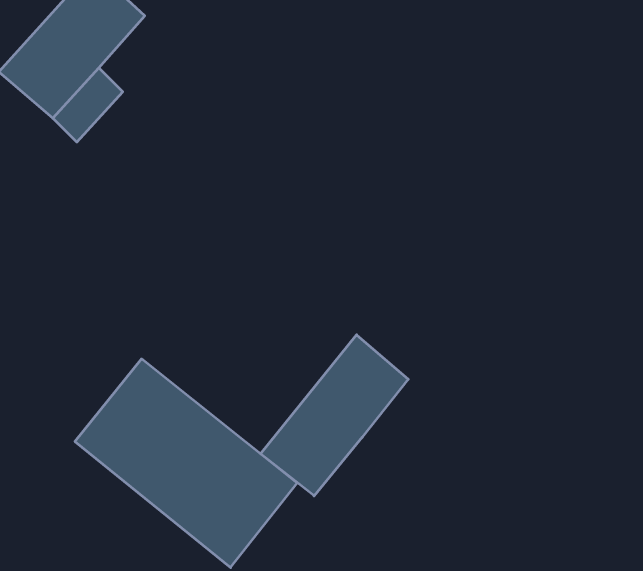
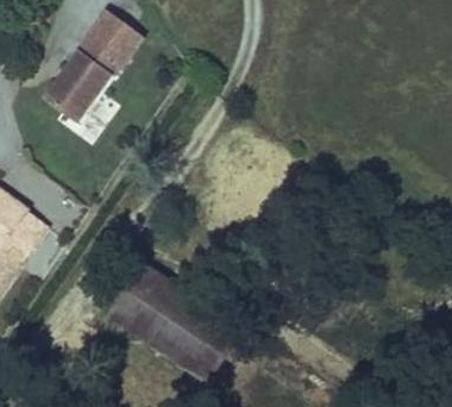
building: [261,335,408,496] -> none

